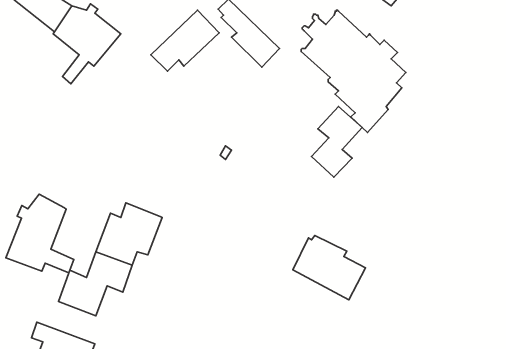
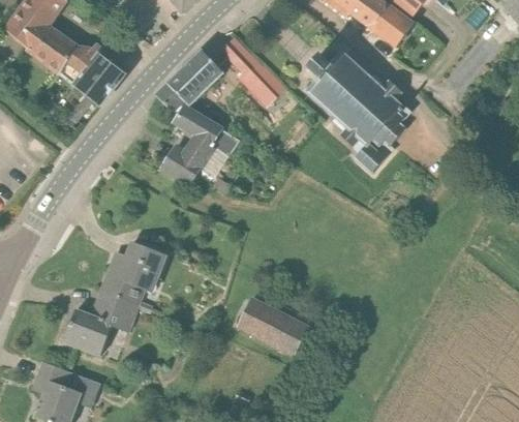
building: none -> [160,104,239,185]
building: [311,107,362,177] -> none
building: [6,194,74,273] -> none
building: [293,236,366,300] -> [237,294,309,358]

